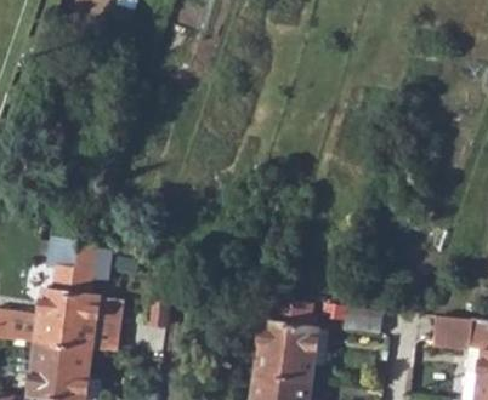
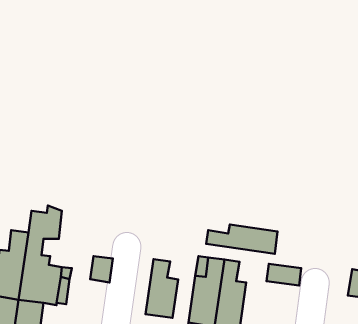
building: none -> [206,224,277,254]
building: none -> [146,259,178,318]

